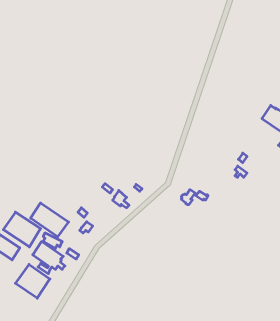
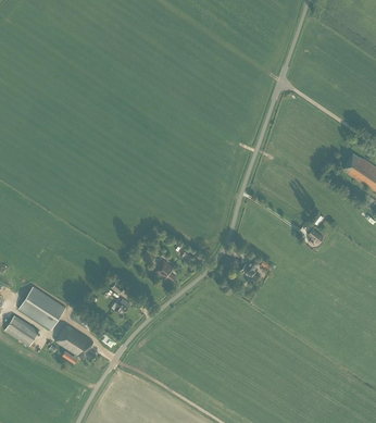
building: [31,203,69,237] -> none
building: [15,264,50,298] -> none

